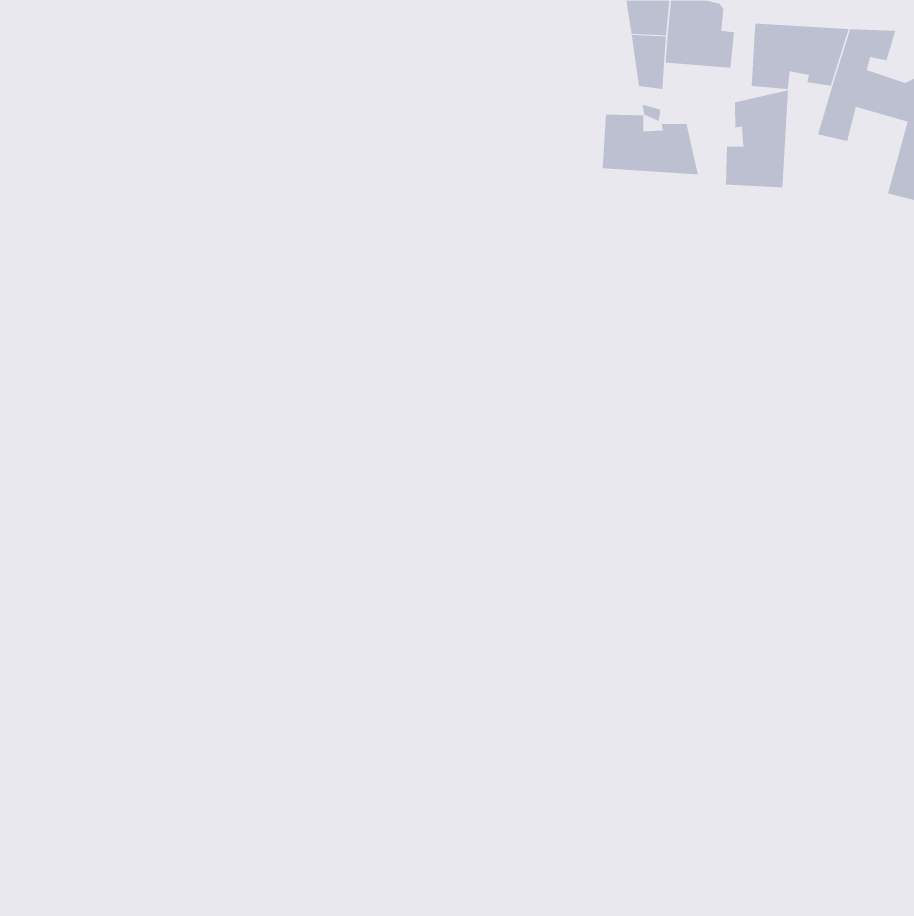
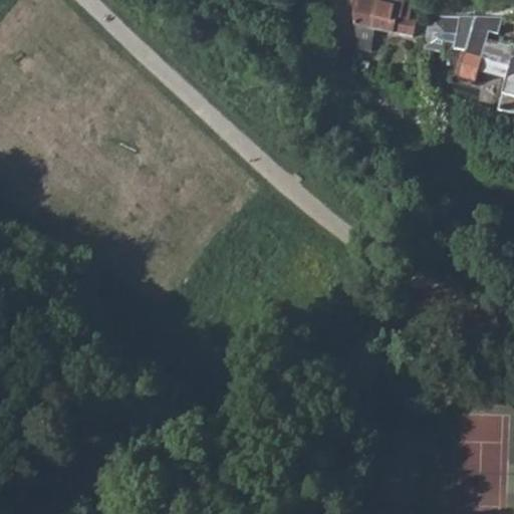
building: [726,90,789,188] -> none
building: [602,114,698,175] -> none

